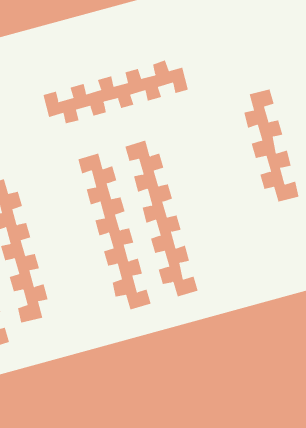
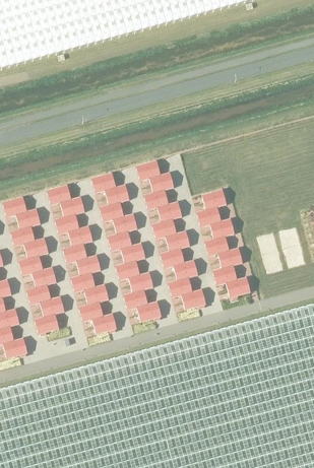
building: [43,59,189,124] -> none
building: [243,89,299,202] -> [196,191,249,298]
building: none -> [46,186,116,335]

